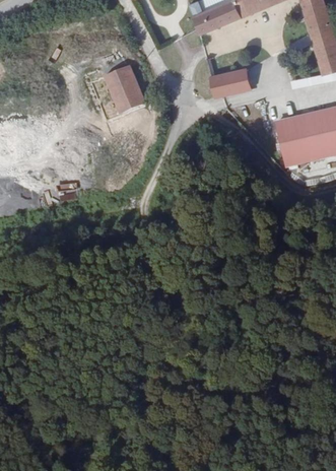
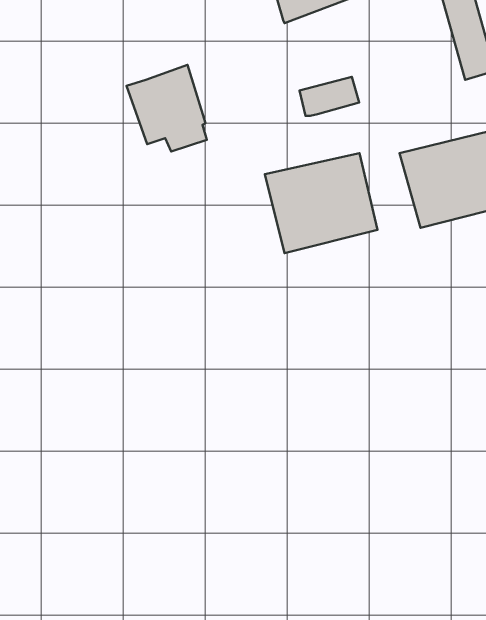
building: none -> [265,153,377,253]

